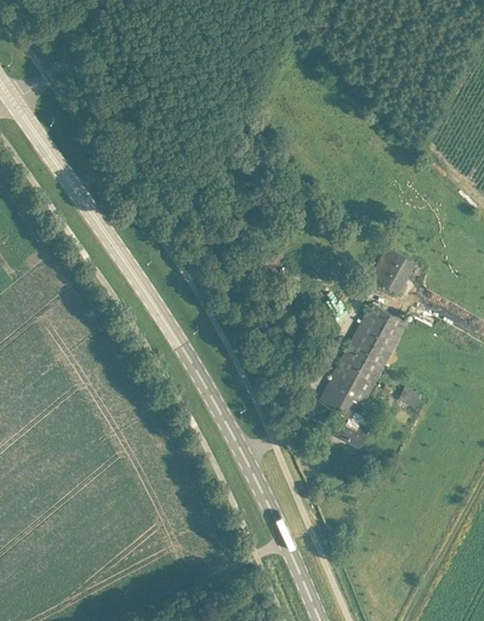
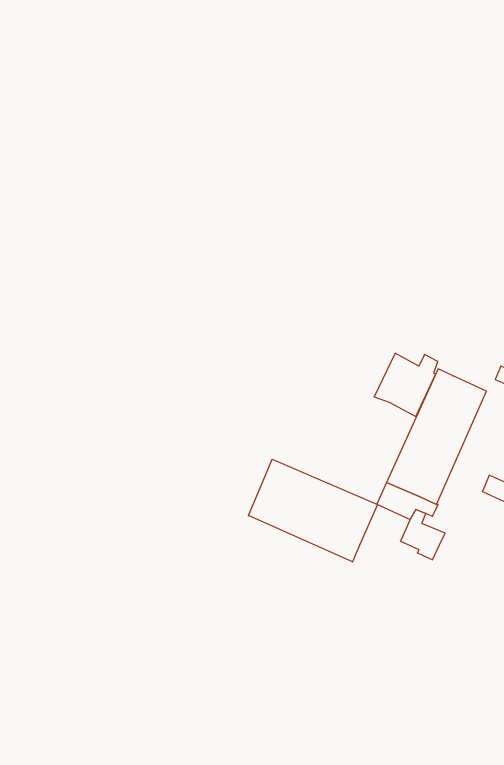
building: [369,247,418,296] -> [374,353,438,416]
building: none -> [248,459,378,562]

